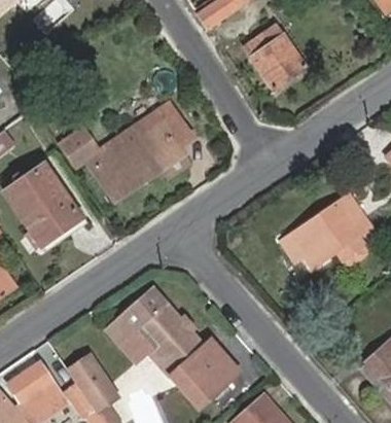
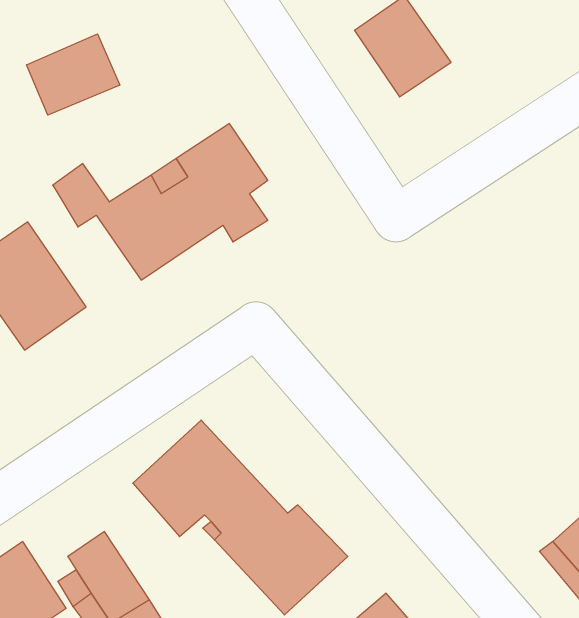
building: none -> [27,34,120,115]
building: [284,196,371,266] -> none

